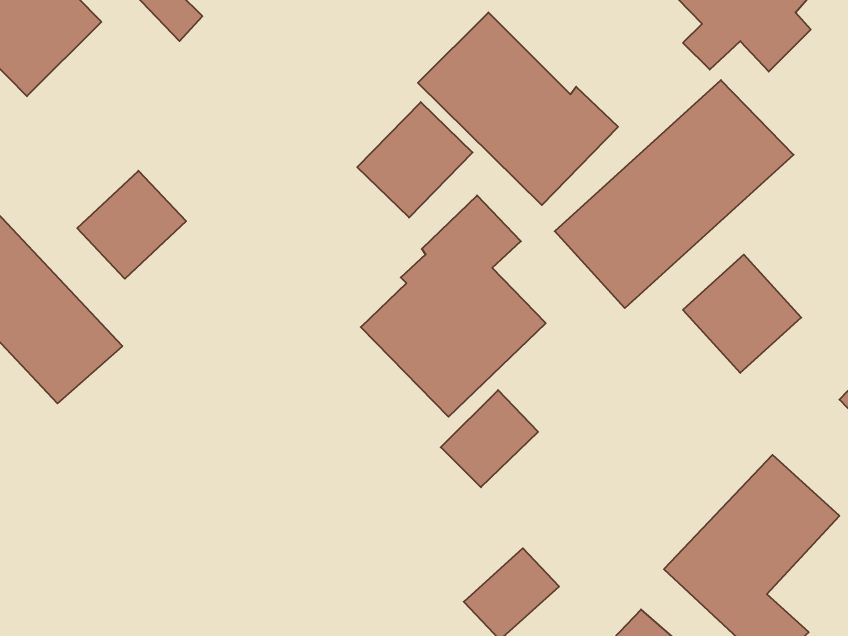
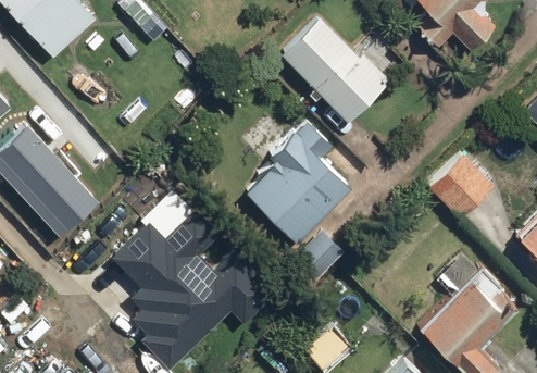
building: [555,80,794,308] -> none
building: [357,102,473,218] -> none
building: [77,171,186,279] -> none
building: none -> [117,196,282,358]

